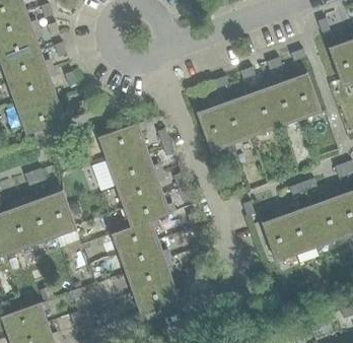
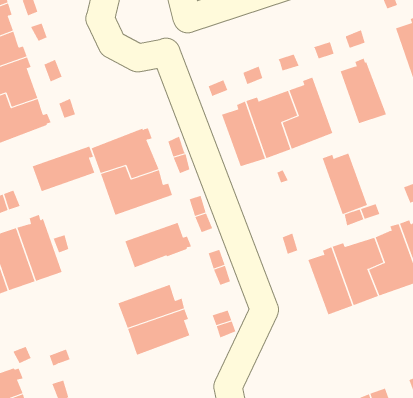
building: [266,79,300,126] -> [322,153,368,215]
building: [117,173,164,207] -> [32,146,95,192]
building: [112,218,158,254] -> none
building: [133,278,184,314] -> none

